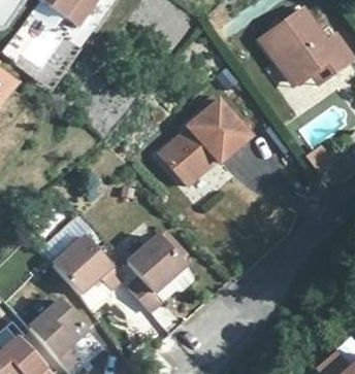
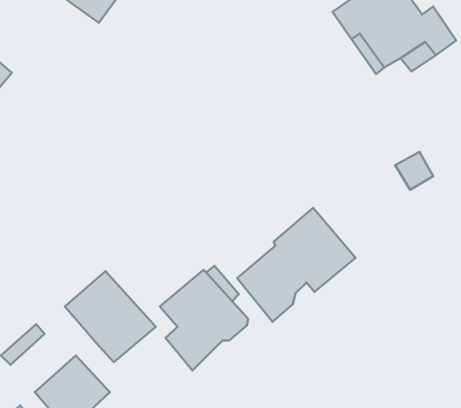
building: [157,98,247,184] -> [237,208,355,322]

